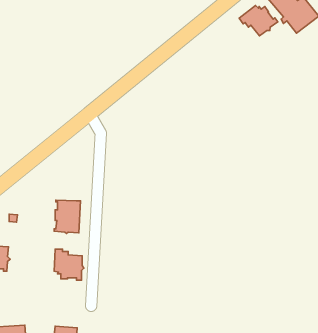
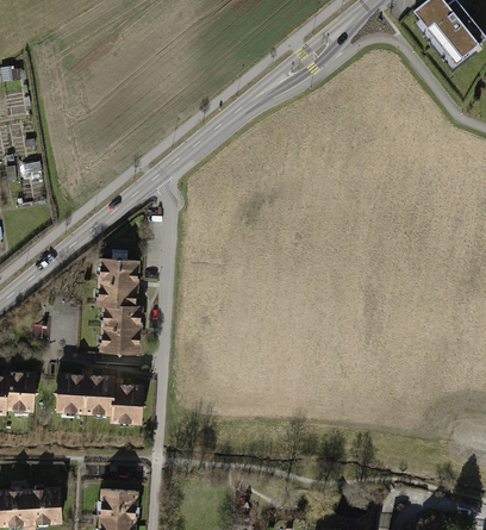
building: [239,5,278,36] -> none
building: none -> [98,250,136,307]
building: none -> [54,372,102,412]

